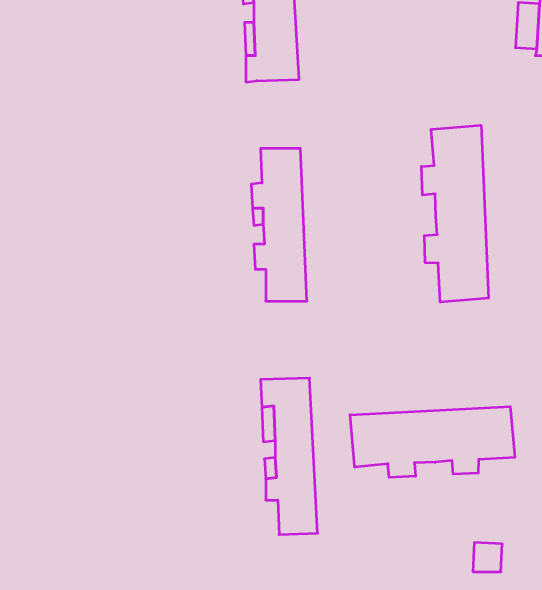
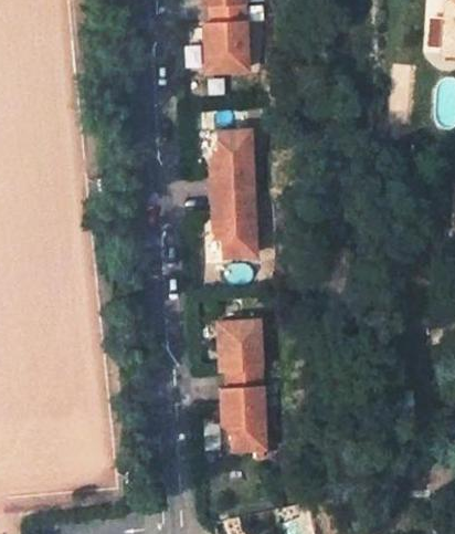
building: [421,125,489,302] -> none
building: [350,407,515,477] -> none

